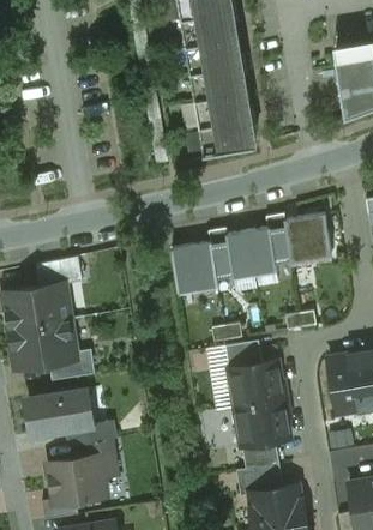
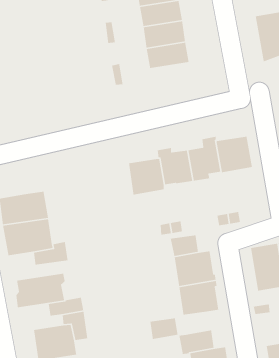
building: [198,119,254,155] -> none
building: [35,257,82,288] -> none
building: [241,440,278,469] -> [149,317,178,340]

